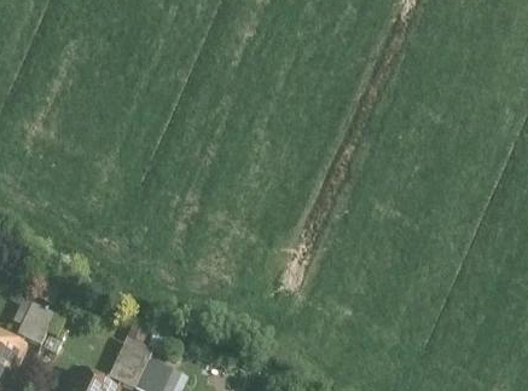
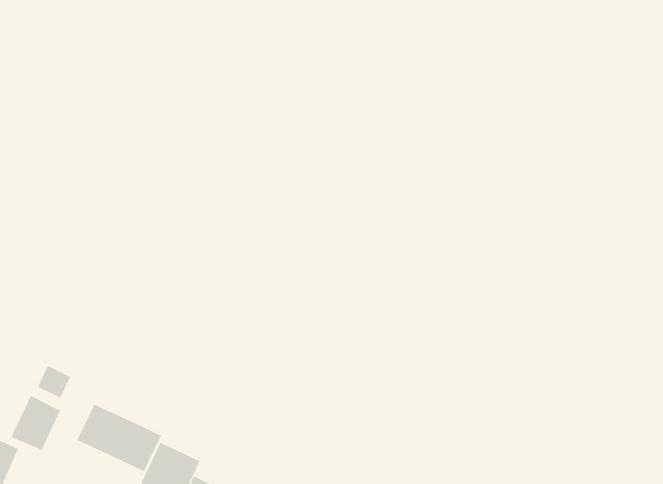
building: none -> [77,404,162,472]

